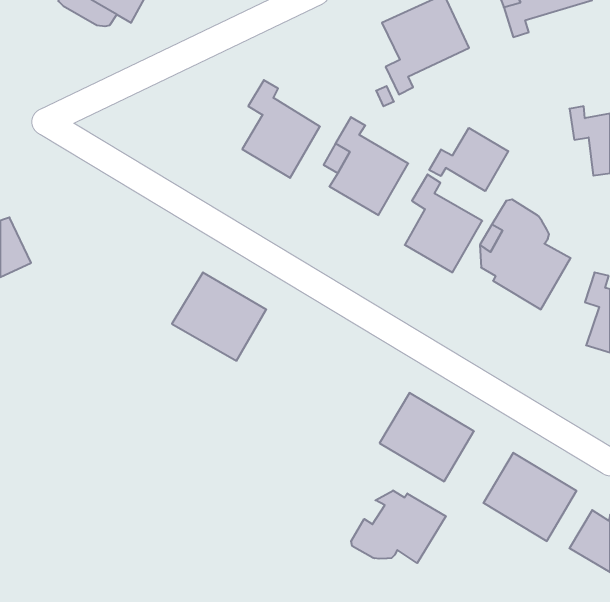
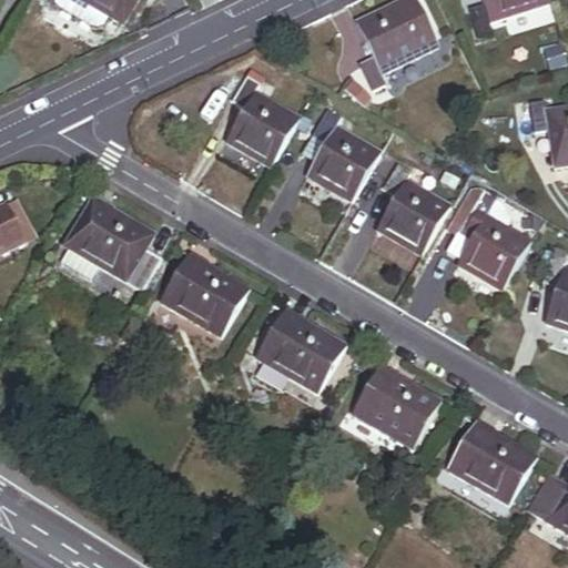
building: [429,128,508,191] -> none
building: none -> [61,195,161,290]
building: none -> [256,310,344,392]
building: [351,490,446,563] -> none

